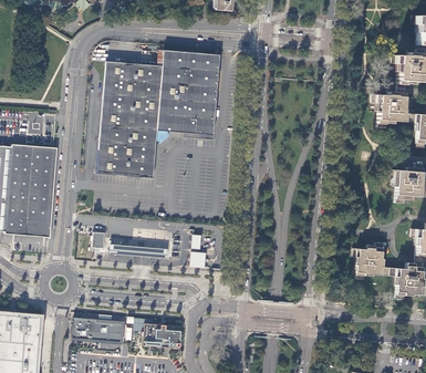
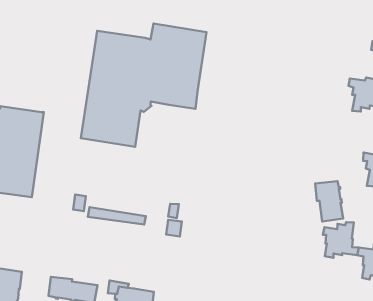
building: none -> [315,181,343,222]

